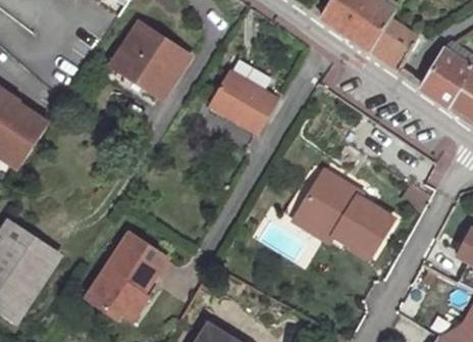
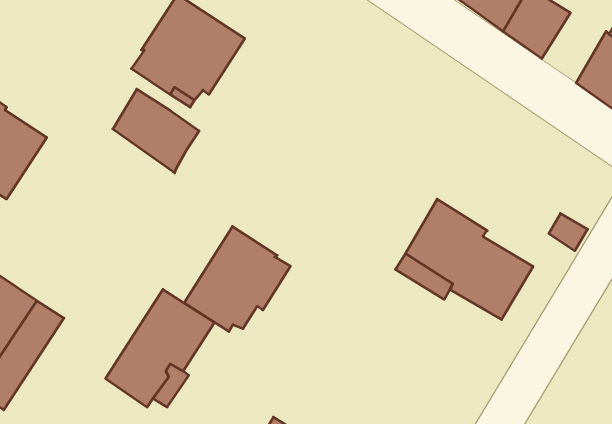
building: [208,59,277,132] -> none
building: none -> [113,89,199,173]
building: none -> [184,226,290,332]

